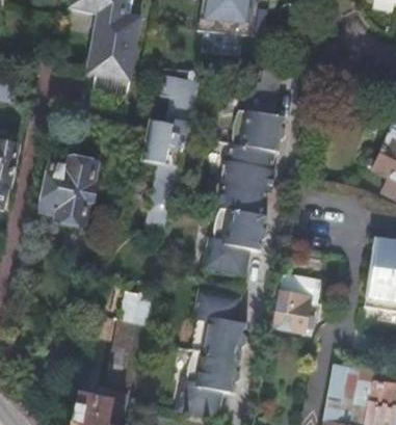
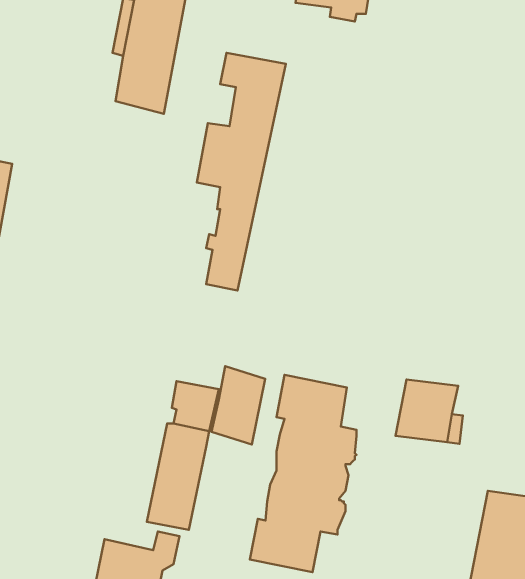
building: [202,92,285,275] -> none
building: [39,157,94,223] -> none
building: none -> [211,366,265,445]

